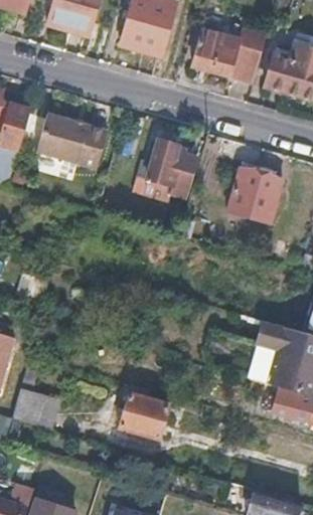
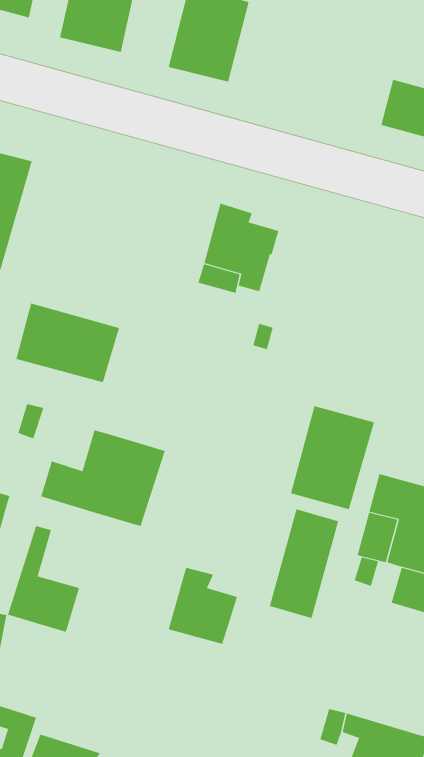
building: [191,33,264,81] -> none
building: [38,114,109,168] -> [16,303,120,383]
building: [226,158,284,228] -> [290,406,375,510]
building: none -> [41,430,165,527]
building: none -> [269,509,339,619]

